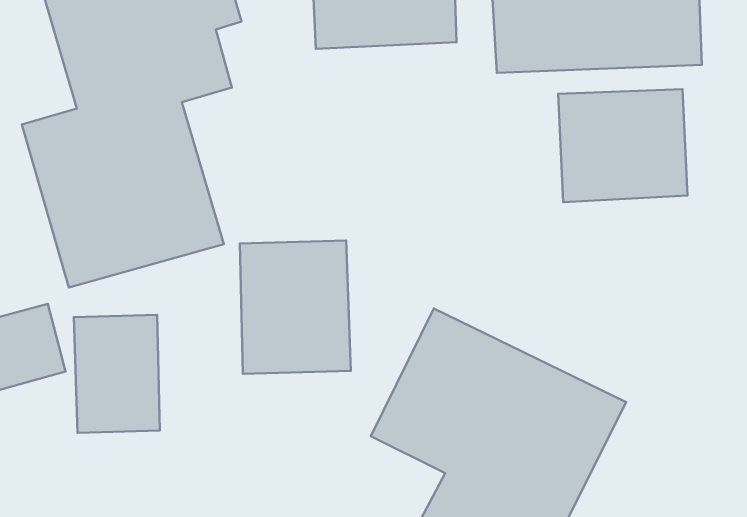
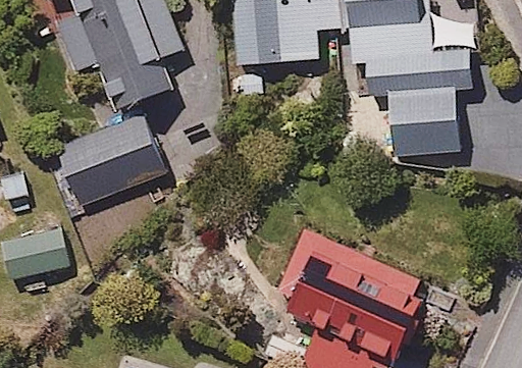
building: [240,241,351,374] -> none
building: [74,315,160,433] -> none

